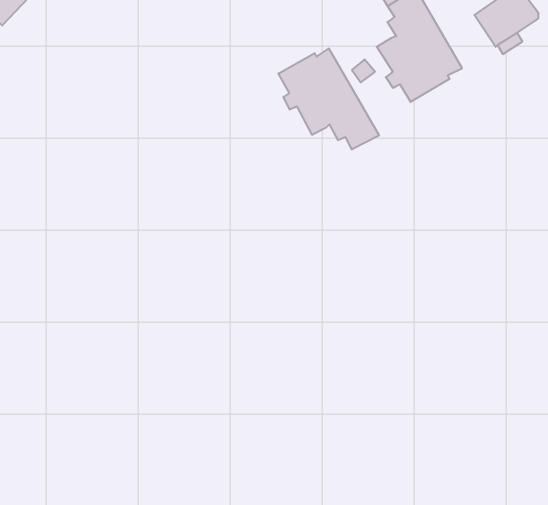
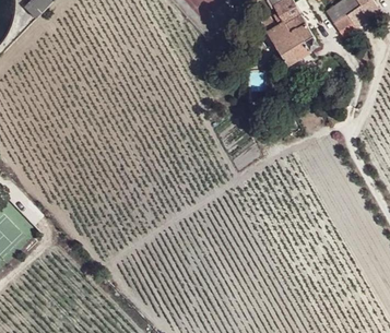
building: [278,48,379,150] -> none

